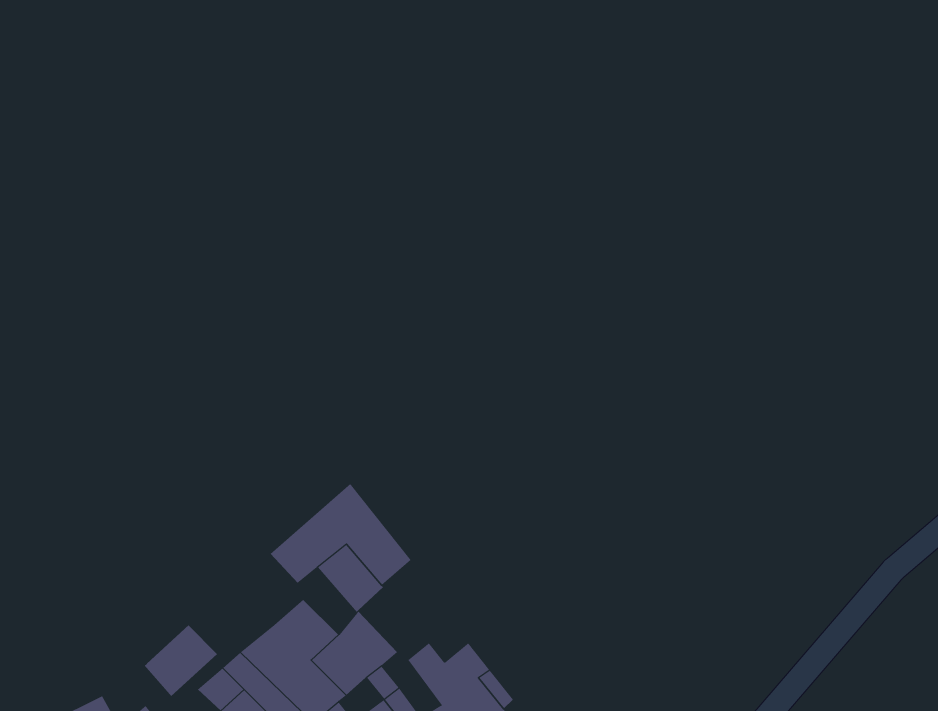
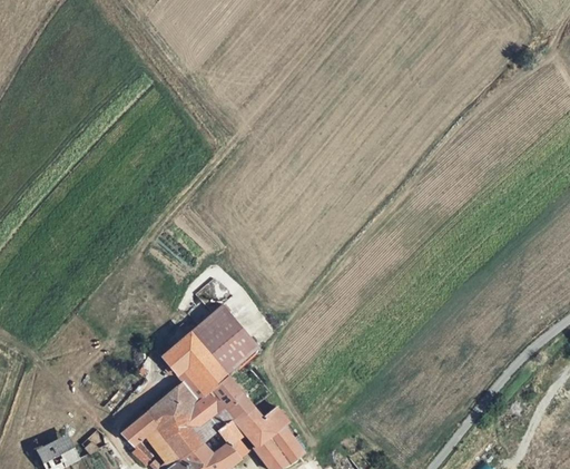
building: none -> [208,306,256,360]
building: none -> [213,375,253,417]
building: [144,624,218,697] -> none

